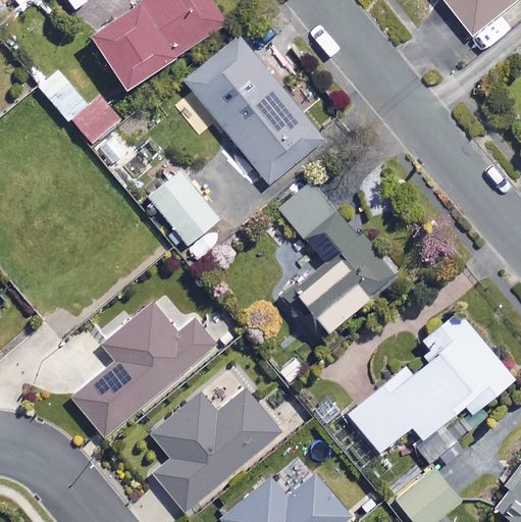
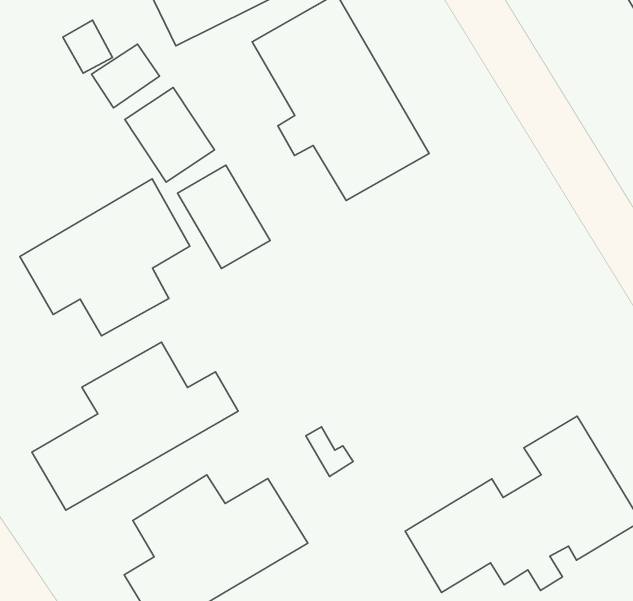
building: none -> [125,87,214,182]
building: [278,176,396,333] -> none
building: none -> [20,179,190,336]

